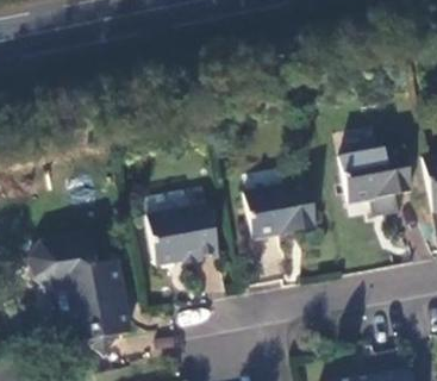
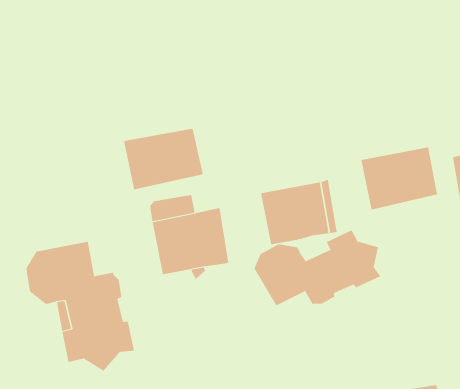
building: none -> [123,128,203,190]
building: none -> [254,229,381,306]

